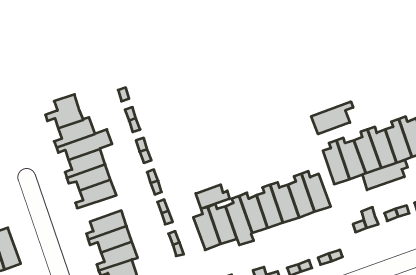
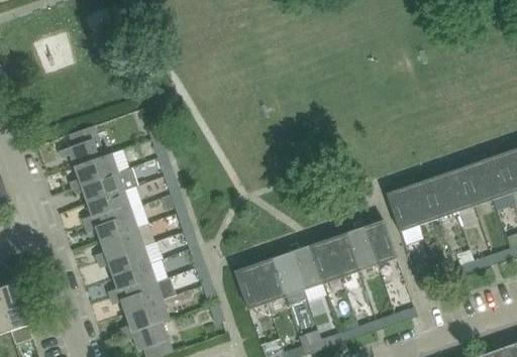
building: [311,102,353,134] -> none
building: [363,160,408,190] -> none
building: [196,185,229,209] -> none
building: none -> [97,246,149,277]

